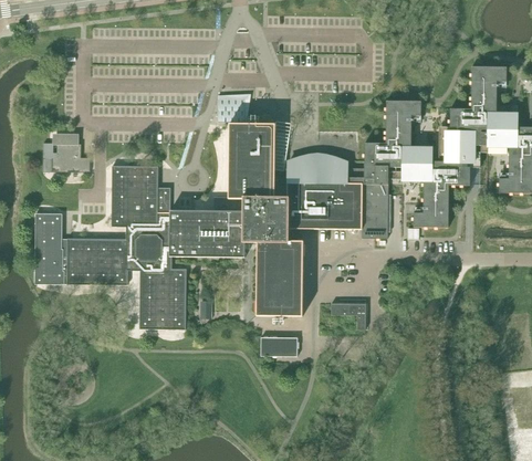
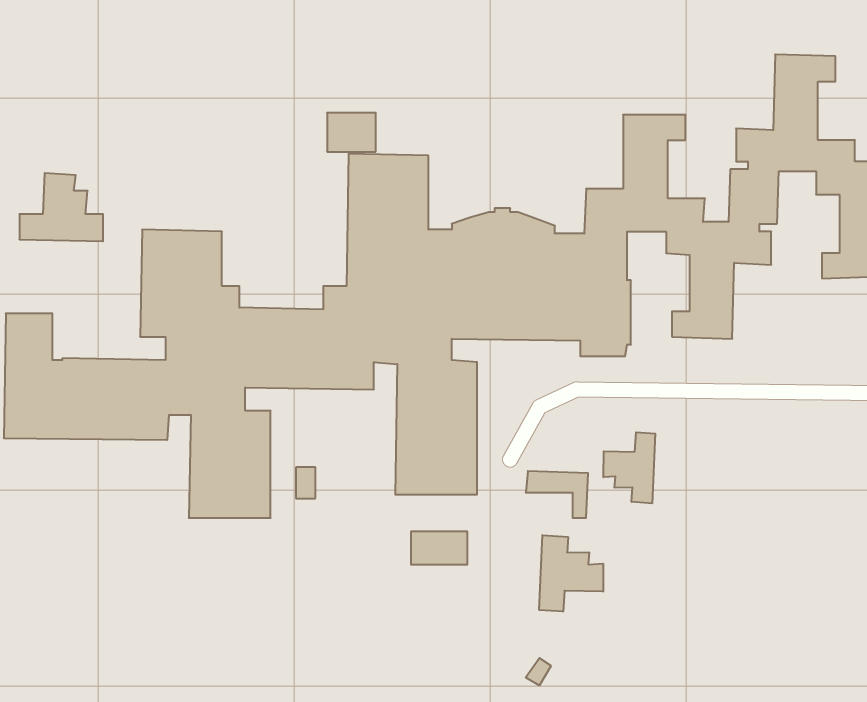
building: none -> [603,432,655,503]
building: none -> [539,535,603,612]

